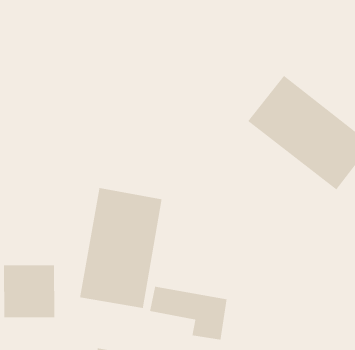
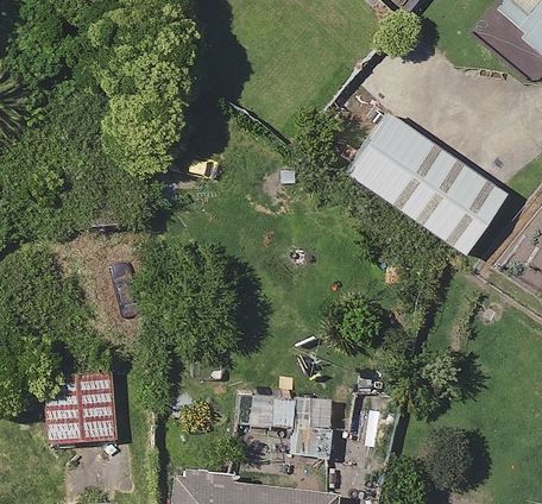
building: [79,187,162,309] -> none

